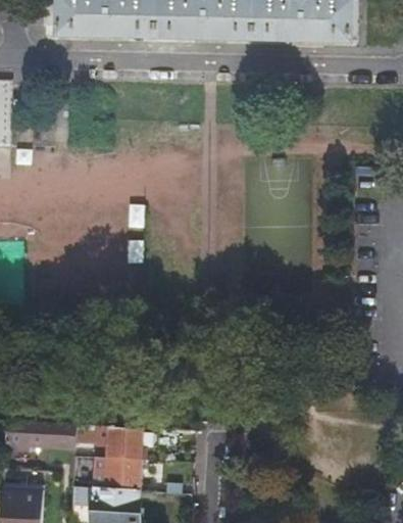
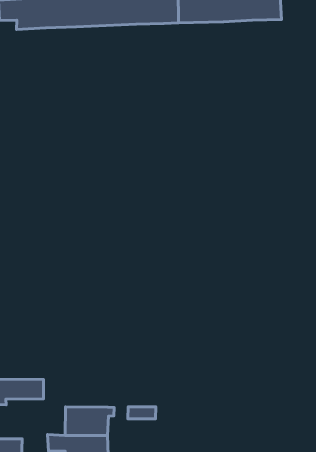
building: [75,424,144,459] -> none

